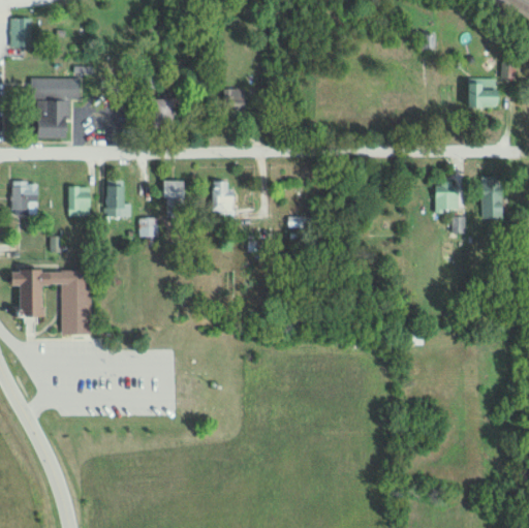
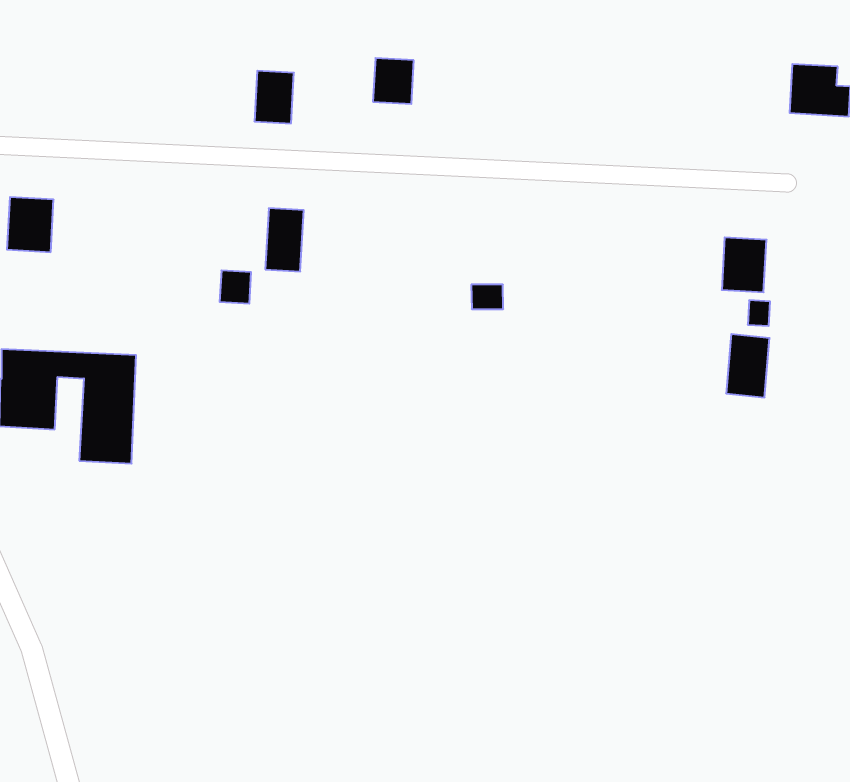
building: [34,77,81,138] -> none
building: [213,181,237,220] -> none
building: [480,183,504,219] -> [726,334,770,397]
building: [105,185,123,210] -> none
building: [66,187,92,217] -> none

